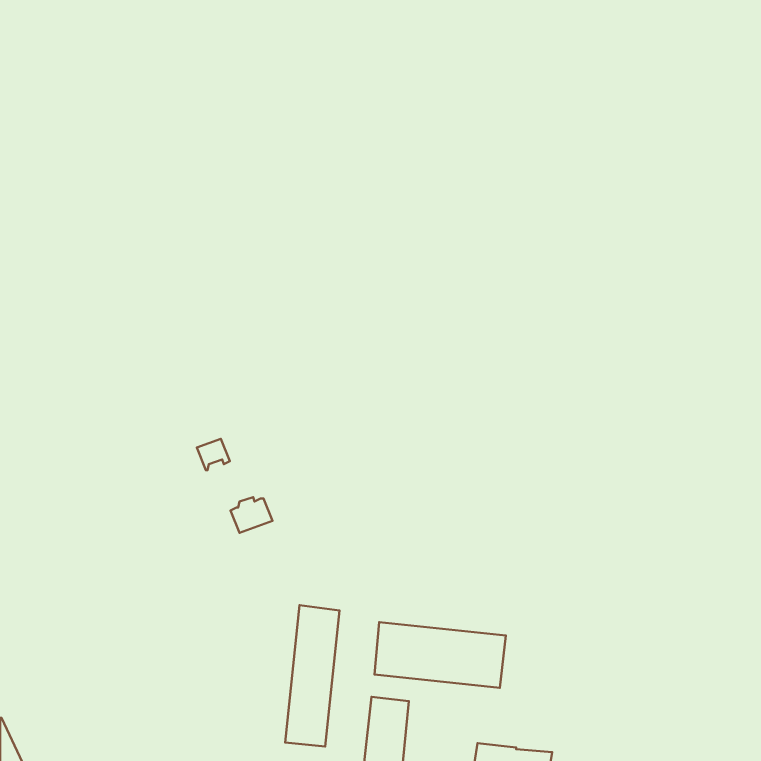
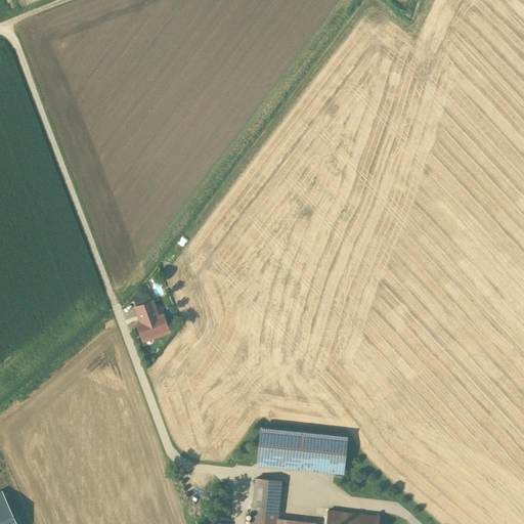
building: [231,497,272,533] -> [138,316,167,341]
building: [285,605,340,746] -> none

